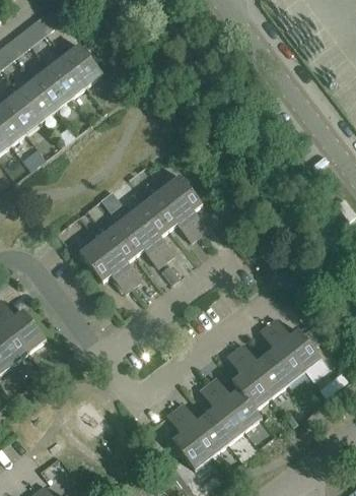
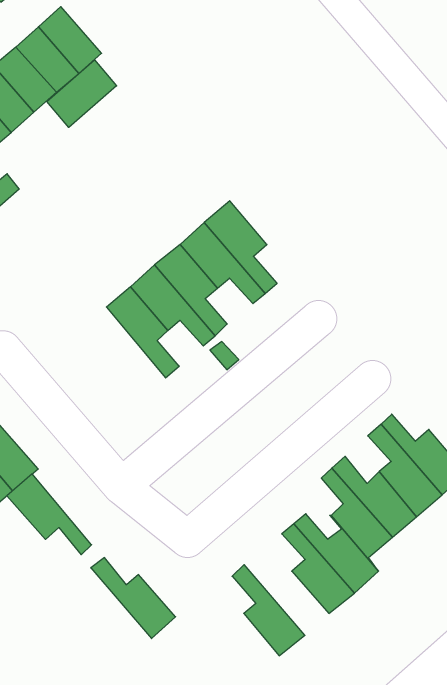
building: none -> [47,60,117,127]
building: [79,237,132,291] -> [7,474,92,555]
building: [175,401,228,455] -> [91,558,176,639]

